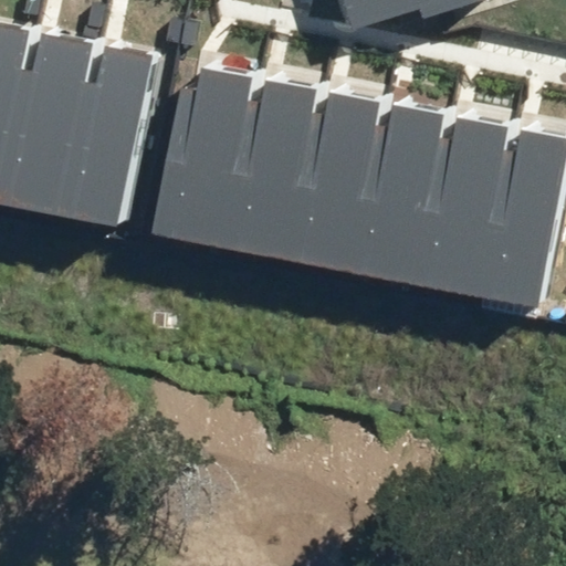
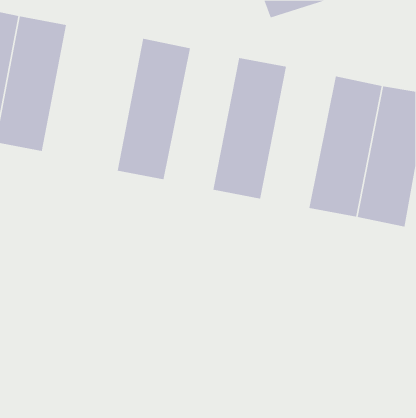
building: [56,43,153,223] -> none
building: [218,74,316,262] -> none
building: [346,98,444,286] -> none

